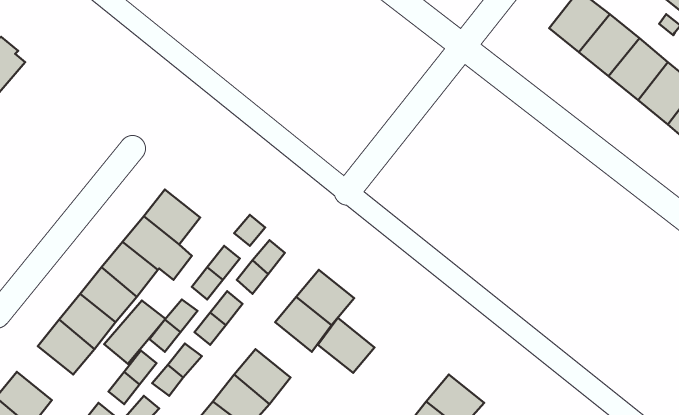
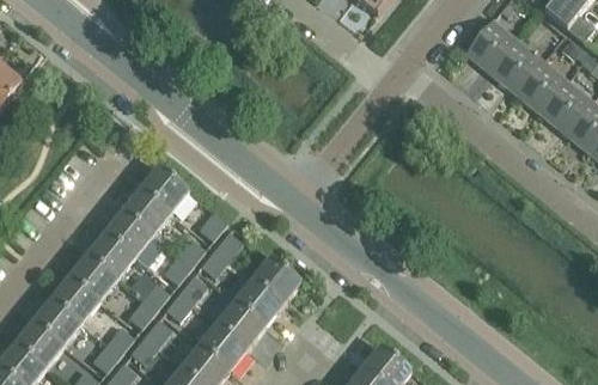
building: none -> [140,166,188,213]
building: [104,300,165,364] -> none
building: [318,318,374,373] -> [216,301,264,348]
building: none -> [14,322,62,367]

